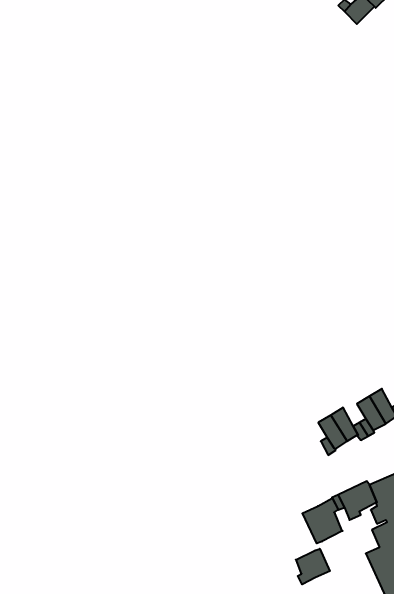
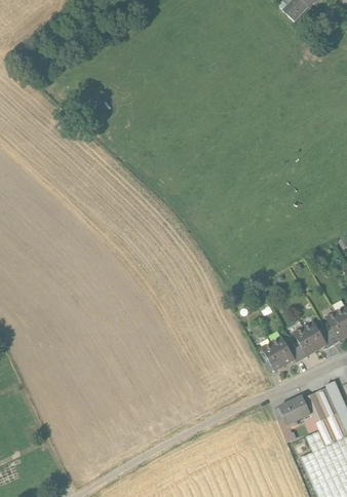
building: [302,498,343,543] -> none
building: [296,549,330,584] -> none

